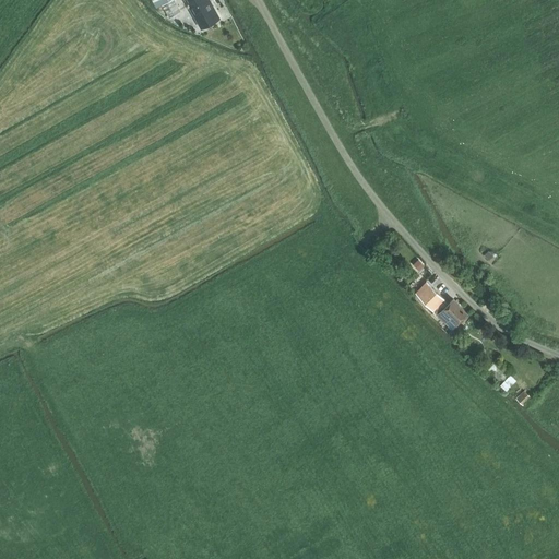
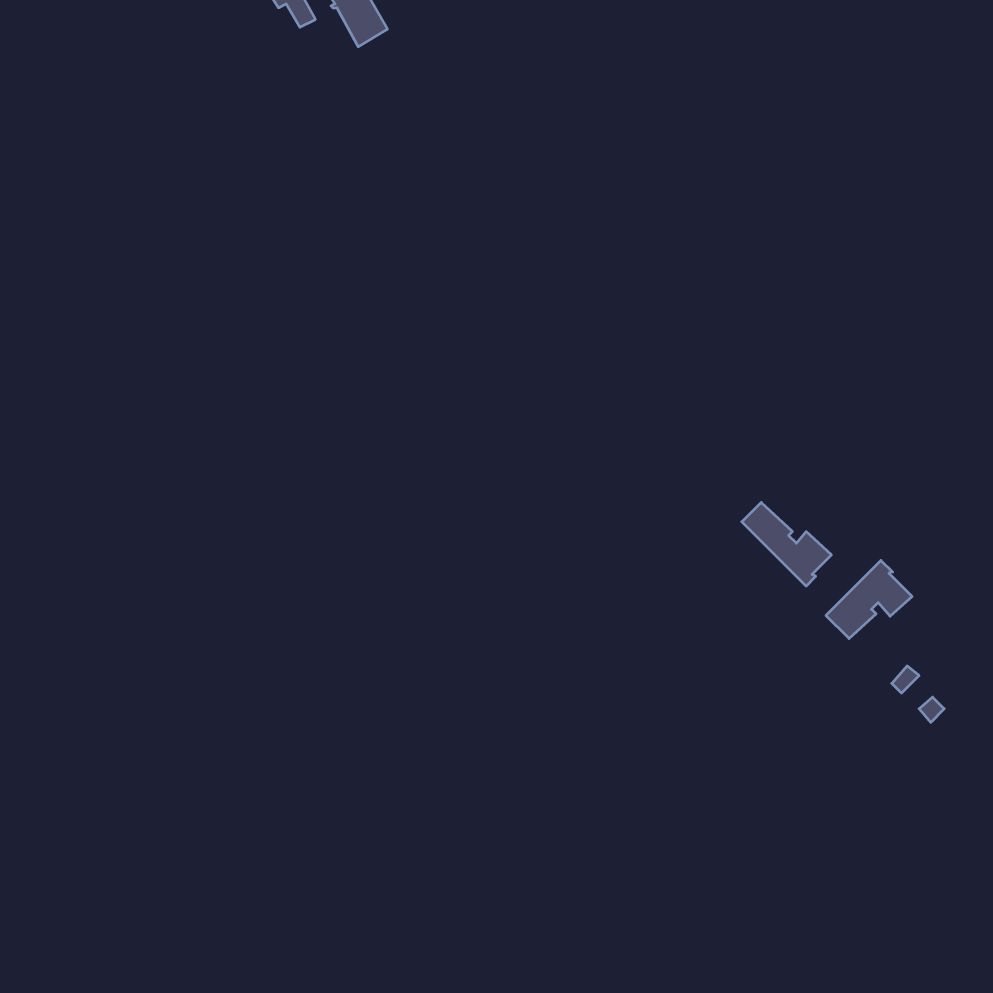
building: none -> [826,560,912,639]

